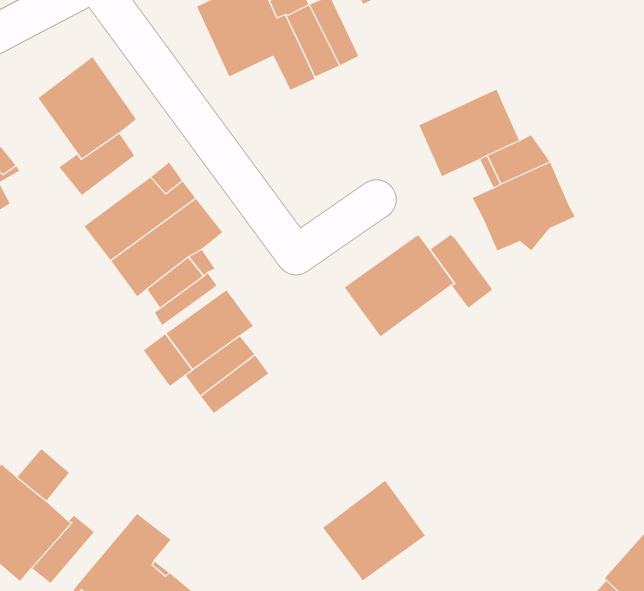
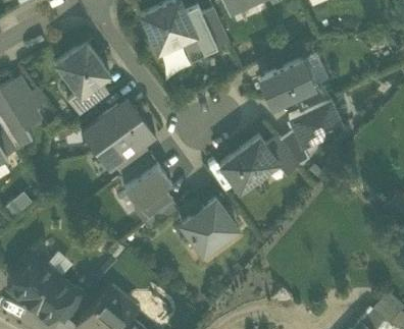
building: none -> [301,51,329,86]
building: none -> [280,128,319,165]
building: [322,480,426,581] -> [182,199,237,253]

